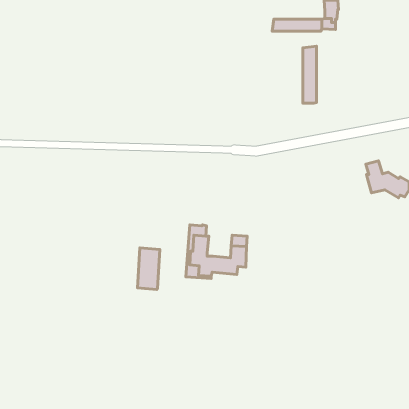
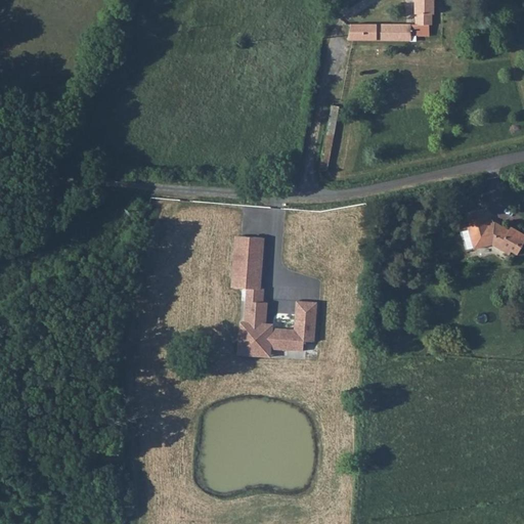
building: [303,46,316,103] -> none
building: [138,248,160,289] -> [233,235,262,289]

